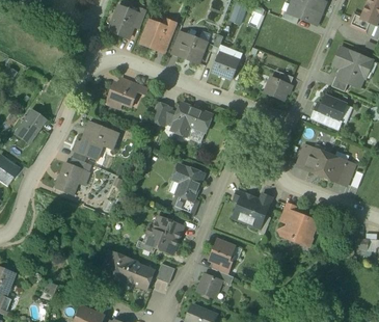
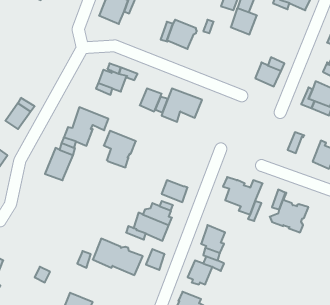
building: [141,19,175,49] -> none
building: [213,52,239,78] -> [231,8,257,34]
building: [304,150,330,175] -> none
building: [172,163,205,199] -> [104,131,136,167]

